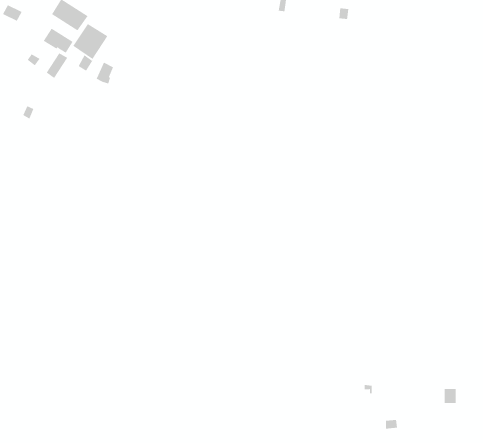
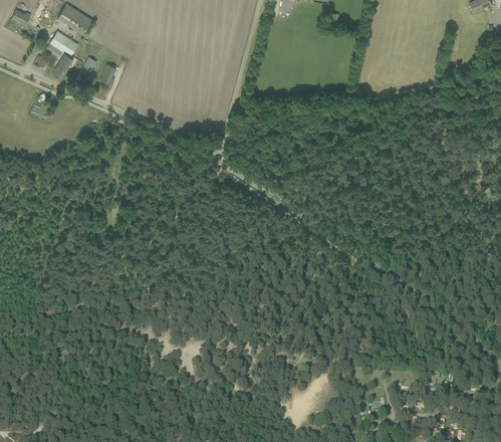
building: [73,23,108,60] -> none

